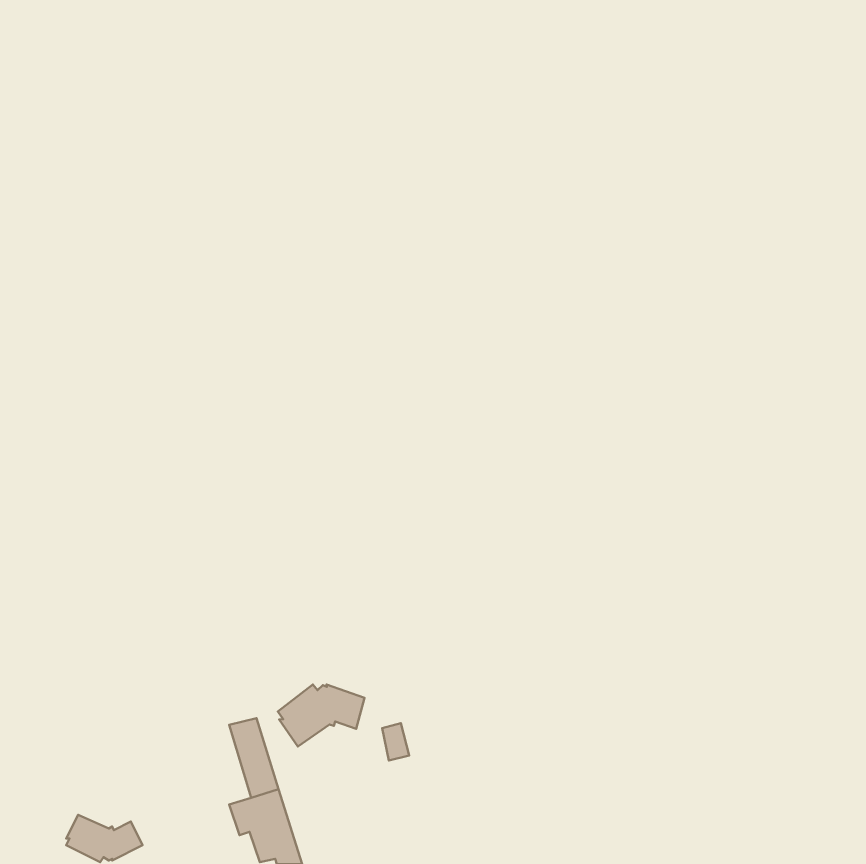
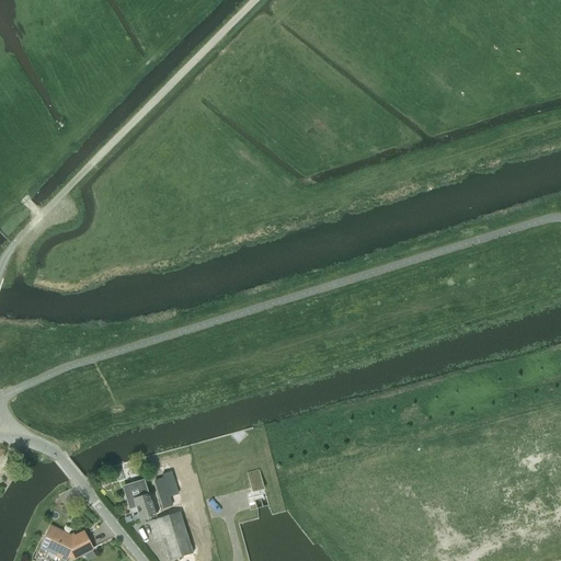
building: [278,685,365,746] -> none
building: none -> [126,482,154,517]

